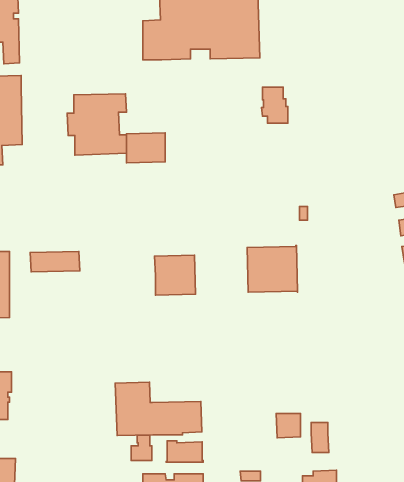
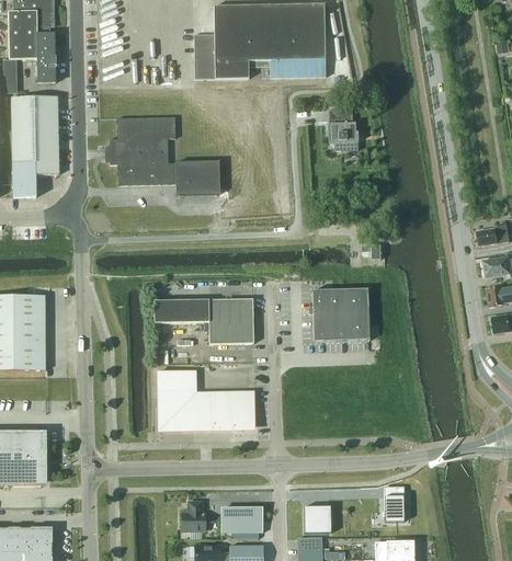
building: [30,252,80,272] -> [152,300,208,323]
building: [115,382,202,436] -> [157,370,254,431]
building: [276,413,301,438] -> [303,506,330,534]

